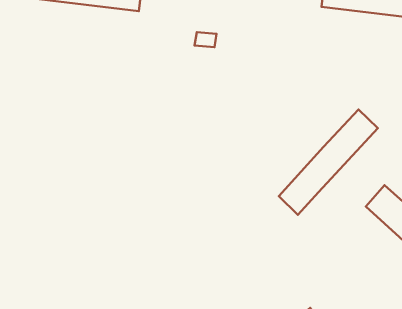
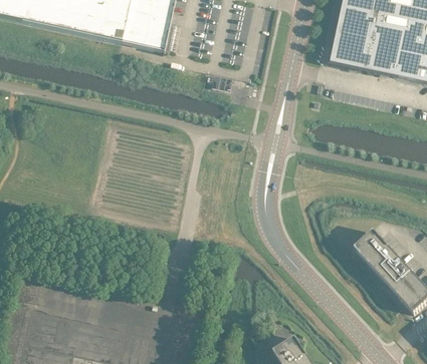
building: [279,109,378,215] -> none

